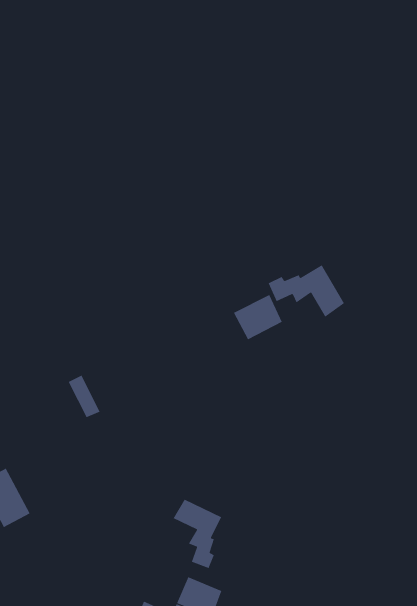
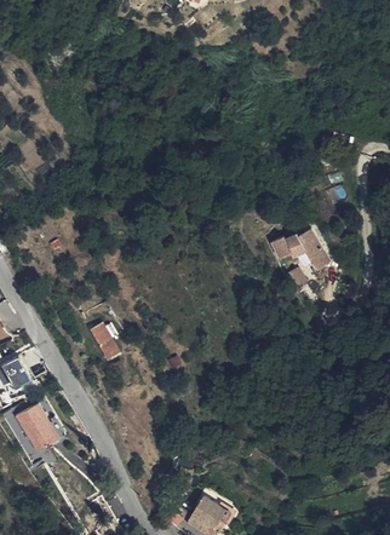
building: [233,294,282,340] -> none
building: [173,499,222,569] -> none

